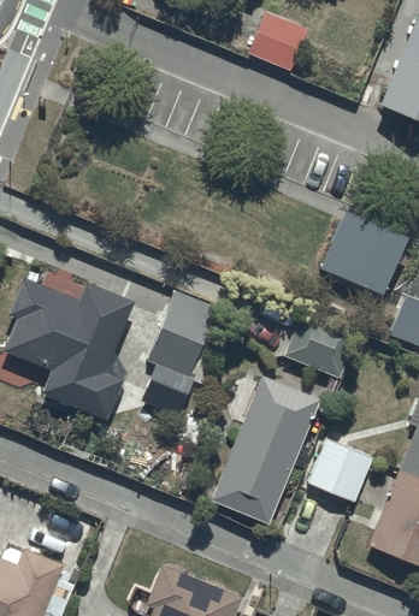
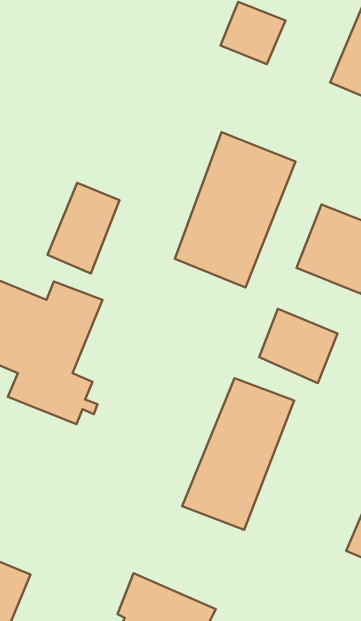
building: none -> [175,132,295,287]
building: [148,292,218,380] -> [47,183,120,274]
building: [308,439,374,505] -> none

